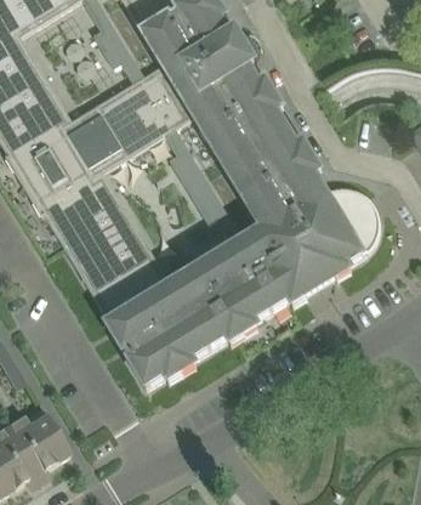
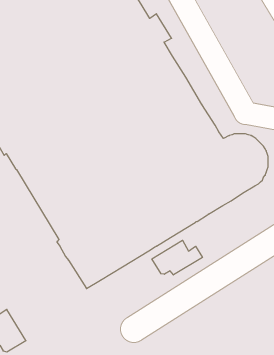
building: none -> [152,240,202,275]

